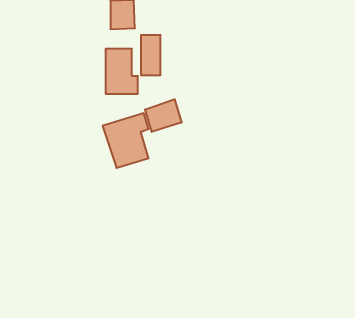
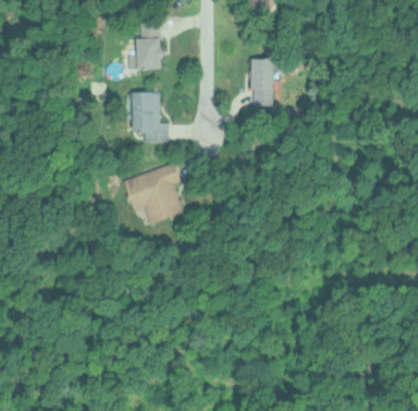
building: [141,35,161,75] -> [250,59,272,104]
building: [145,99,182,132] -> none

